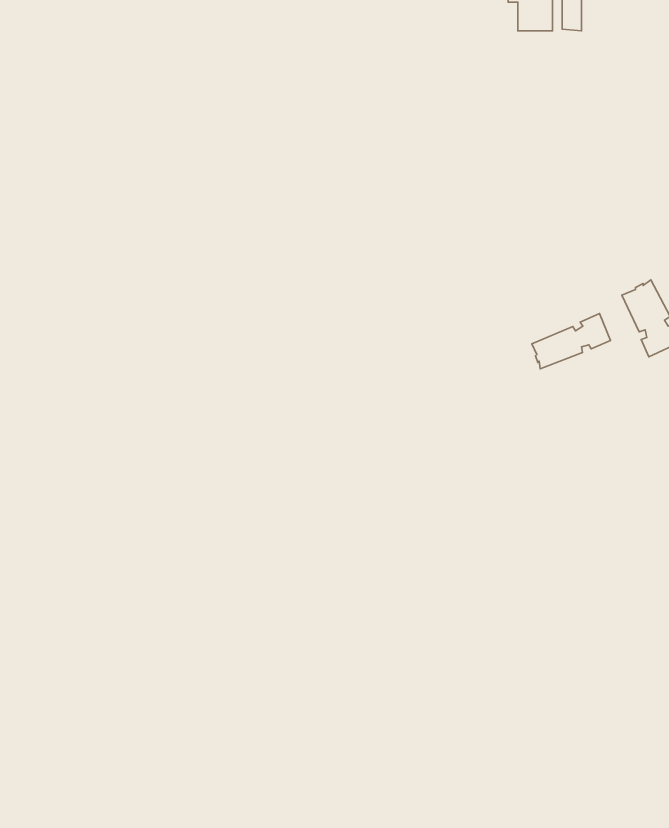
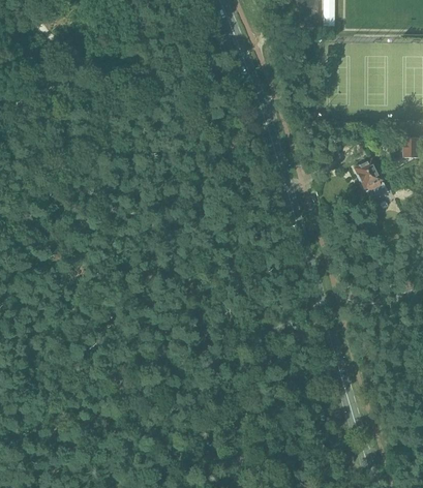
building: [532,314,610,369] -> none

